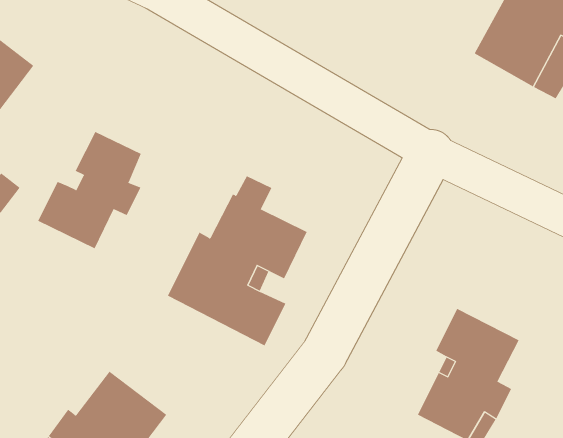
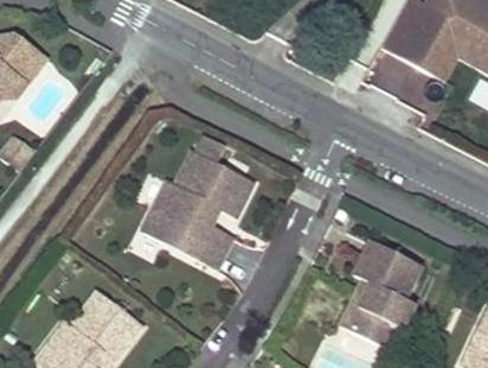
building: [37,131,141,249] -> none

